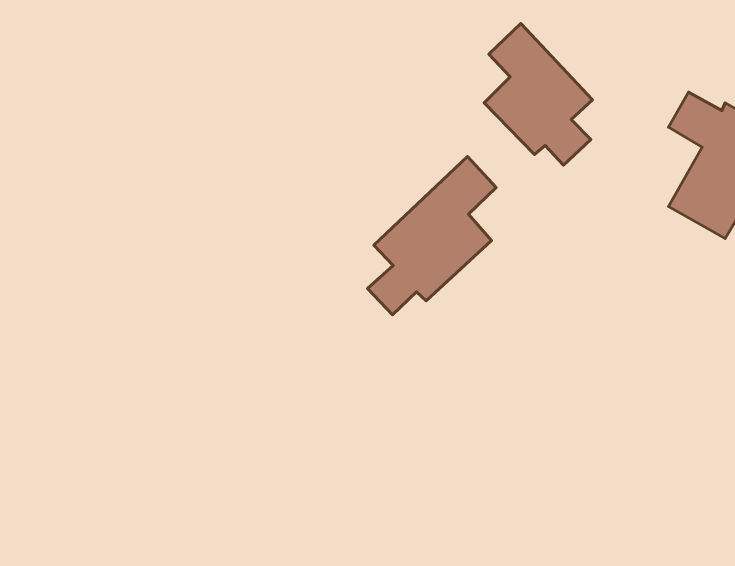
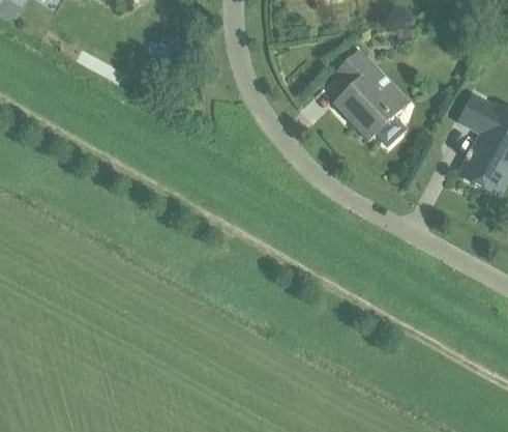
building: [368,157,496,315] -> none

